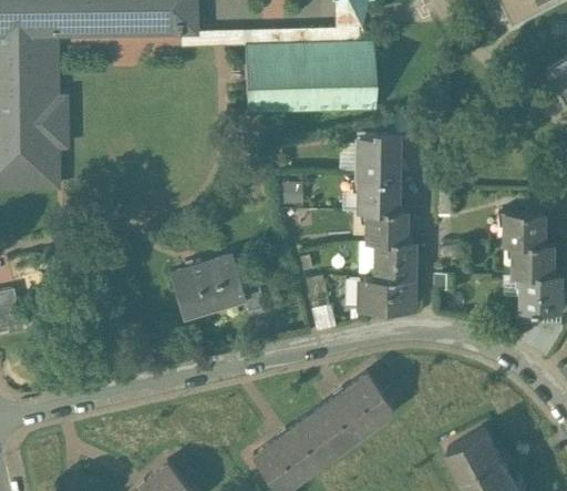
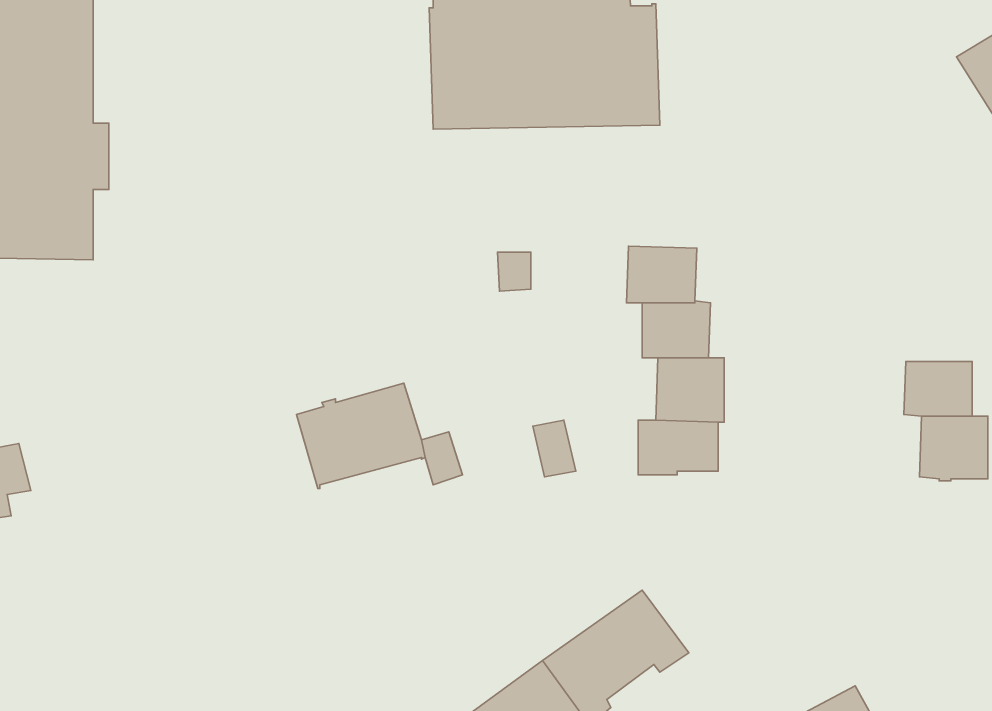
building: [359,139,398,183] -> none
building: [506,215,545,247] -> none

